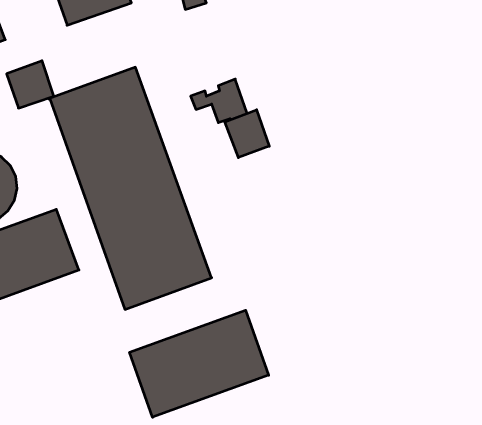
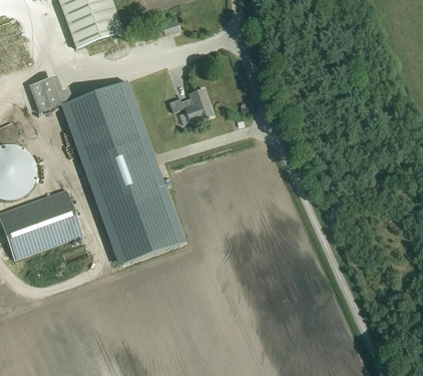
building: [225,110,269,158] -> none
building: [130,310,269,417] -> none

